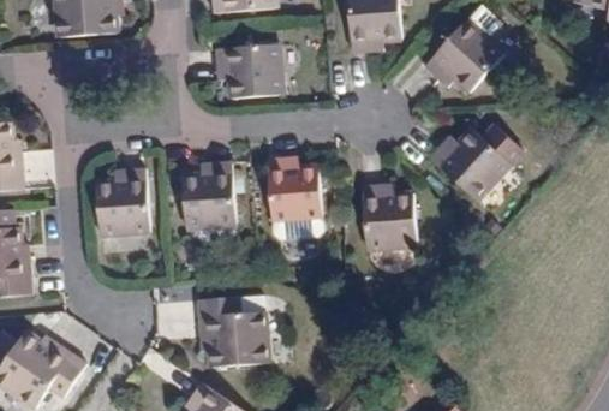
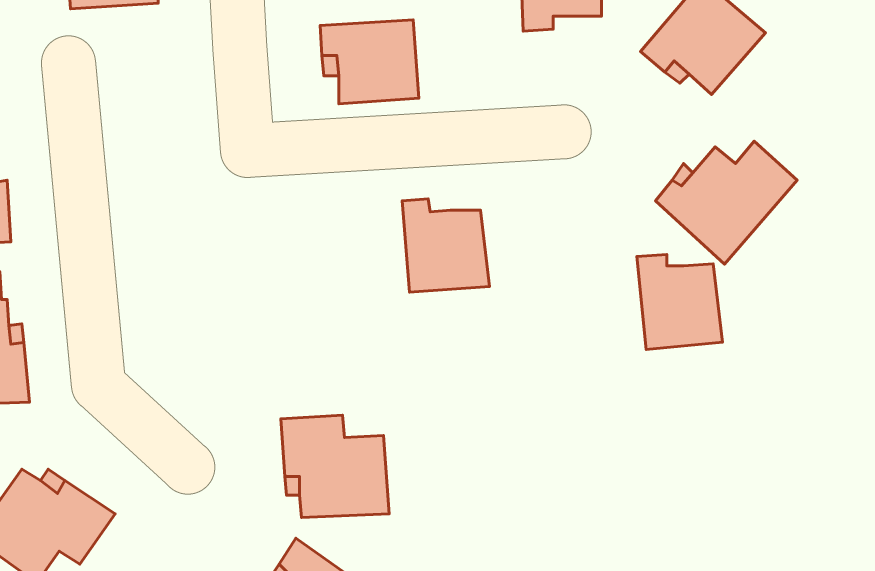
building: [183,165,237,227] -> none
building: [97,172,150,233] -> none
building: [363,183,418,244] -> [637,255,723,350]

